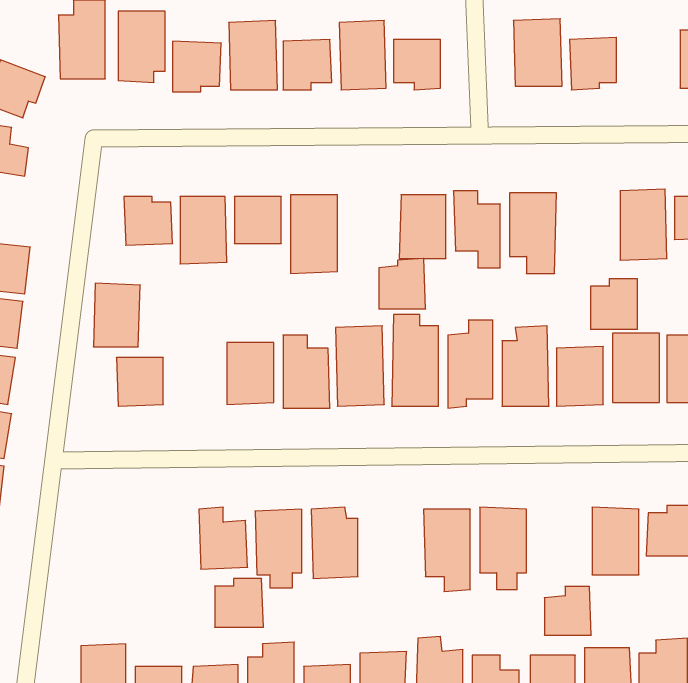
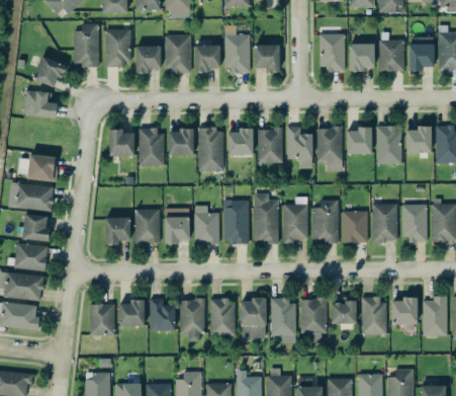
building: none -> [379,39,404,71]
building: [379,258,426,309] -> [227,128,253,155]
building: [591,279,637,329] -> [346,127,371,154]
building: [93,283,140,347] -> [134,209,160,243]
building: none -> [241,298,265,338]
building: none -> [89,304,114,335]
building: [215,579,263,627] -> [118,300,145,326]
building: [544,586,591,635] -> [331,297,356,323]

